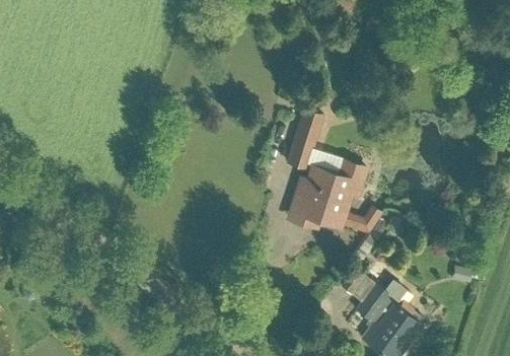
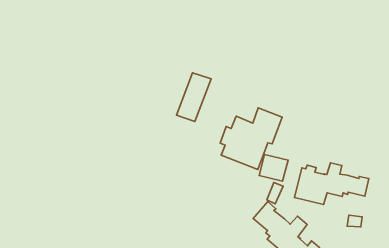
building: [285,113,323,170] -> [176,73,211,122]
building: none -> [294,163,369,205]

